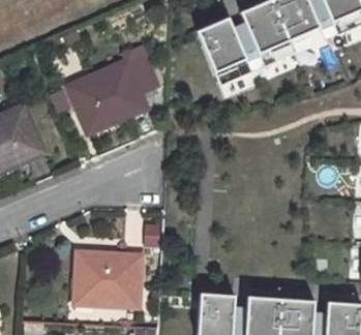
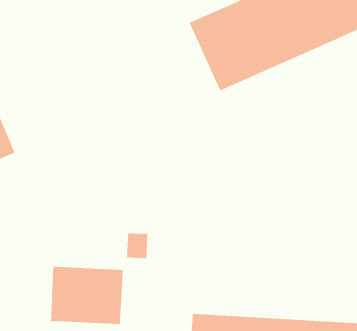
building: [68,54,156,130] -> none

